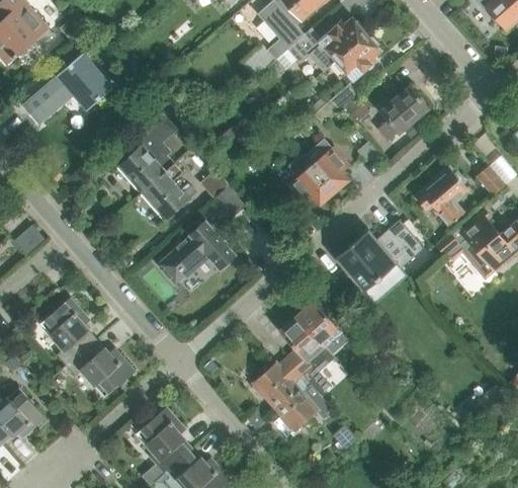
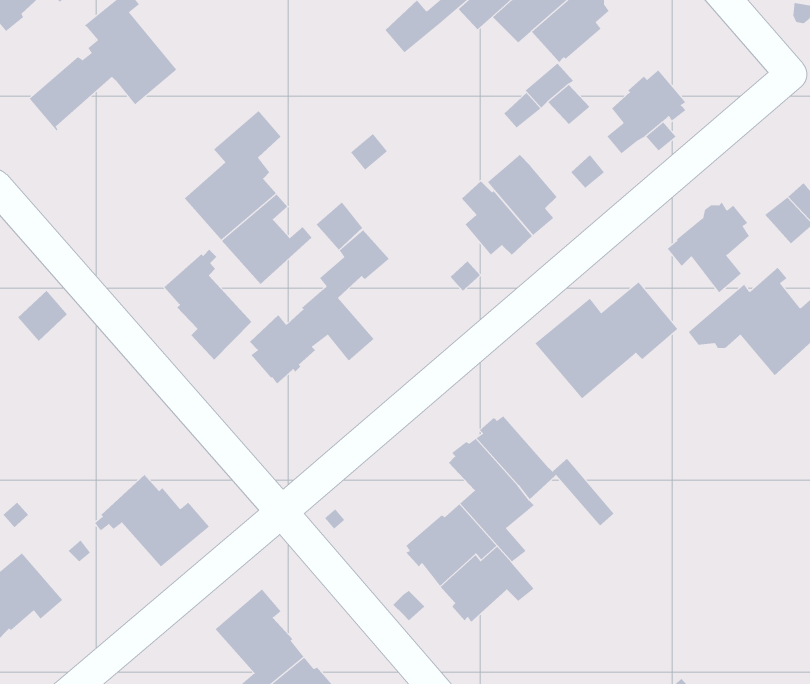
building: none -> [163,249,252,361]
building: [39,297,93,363] -> none

